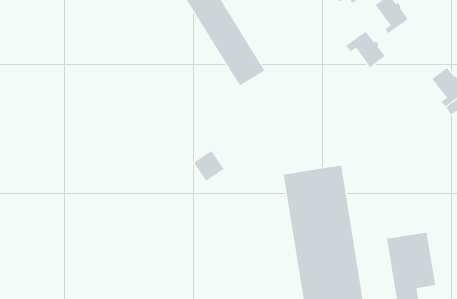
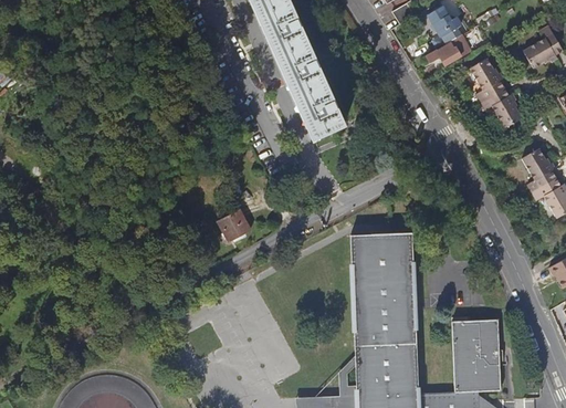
building: [345,31,385,68] -> [483,90,525,130]
building: [193,150,225,182] -> [218,209,251,242]

